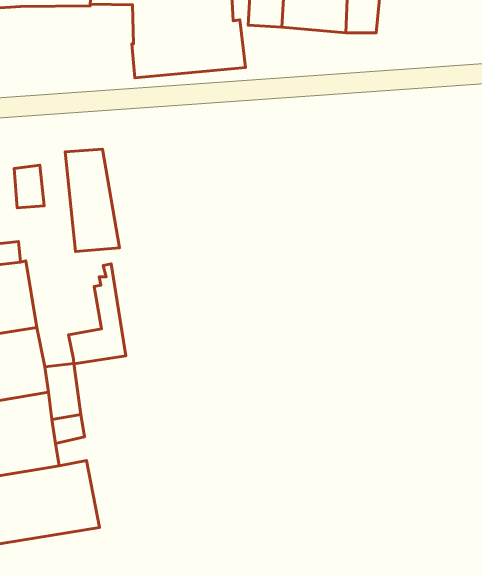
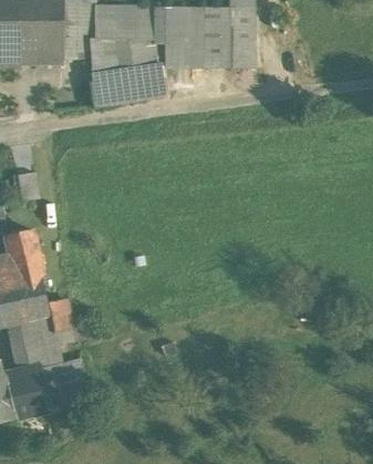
building: [65,149,119,251] -> none
building: [69,264,126,364] -> none

